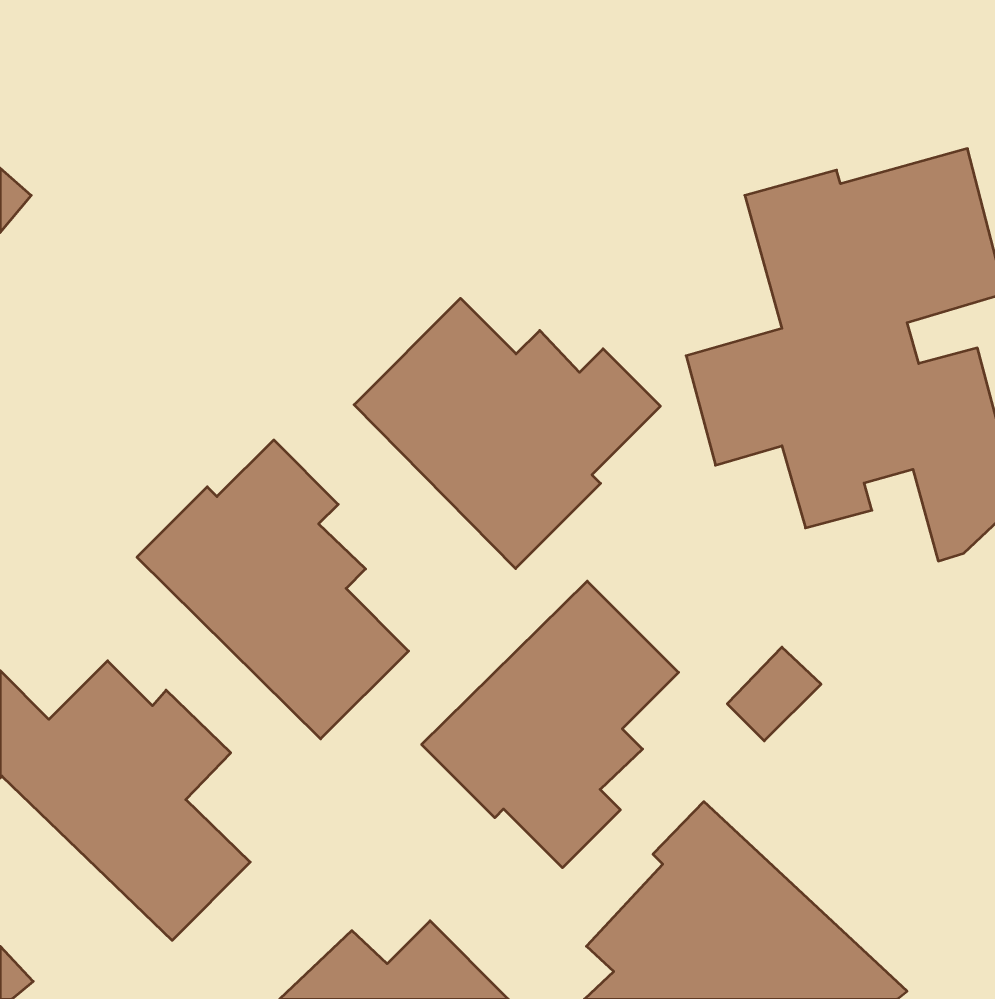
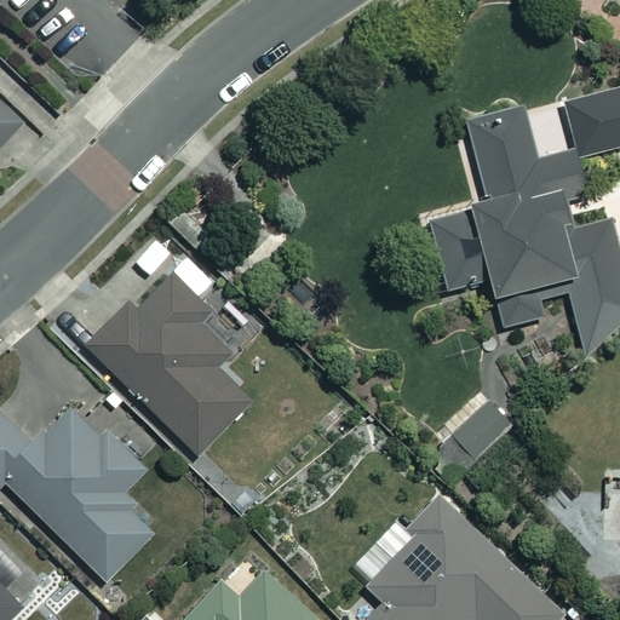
building: [354,298,660,569] -> none
building: [422,581,679,868] -> none

